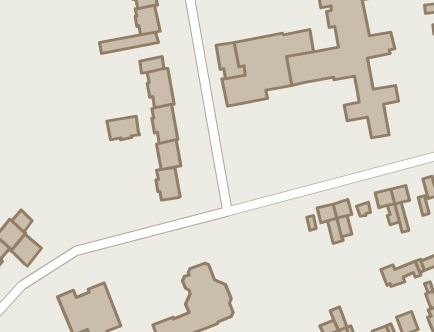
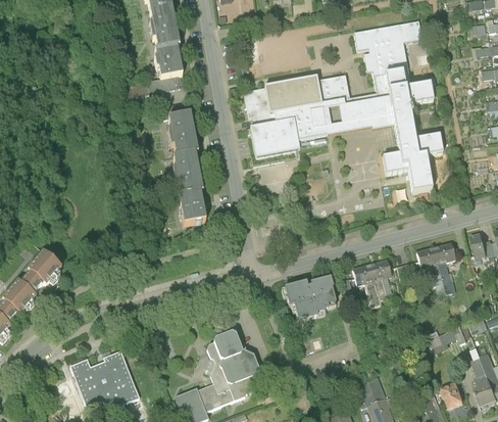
building: [107,116,140,140] -> none
building: [156,167,180,200] -> none
building: none -> [286,276,337,319]
building: [11,234,42,266] -> [28,249,61,284]

